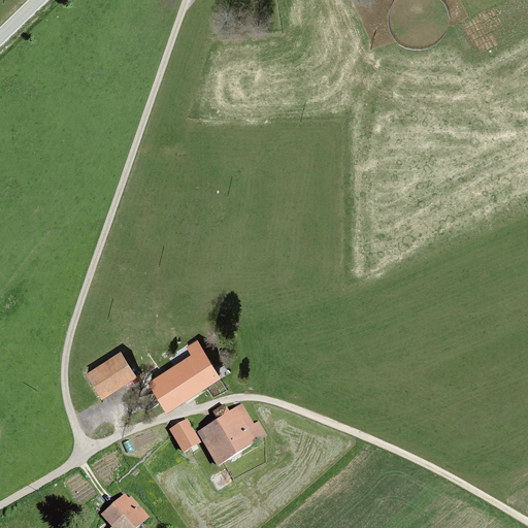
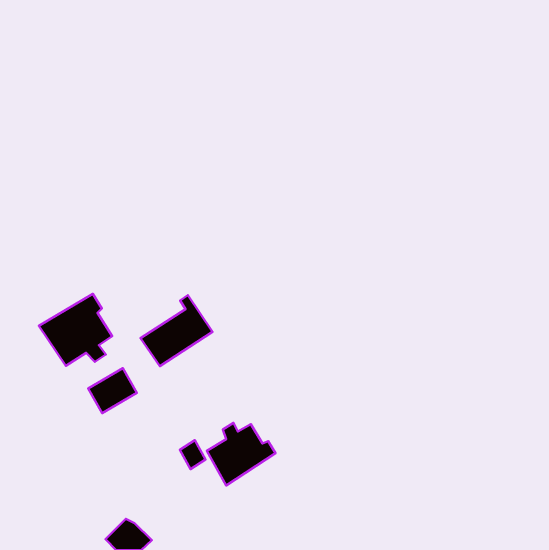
building: none -> [39,294,112,366]
building: [150,341,219,409] -> [140,295,212,366]

